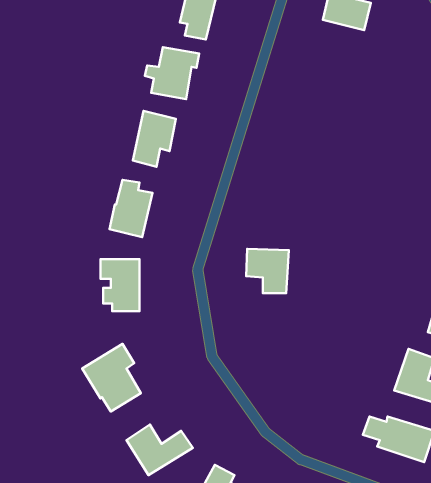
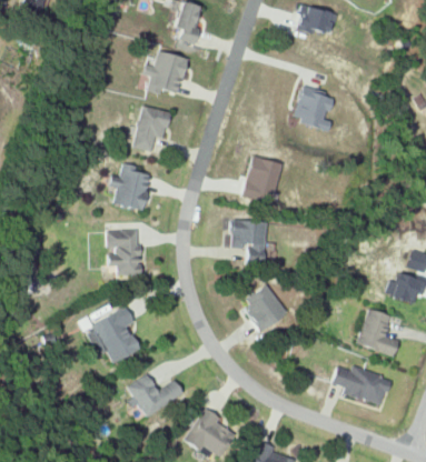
building: none -> [295,88,334,131]
building: none -> [240,154,284,207]
building: none -> [242,282,285,327]

